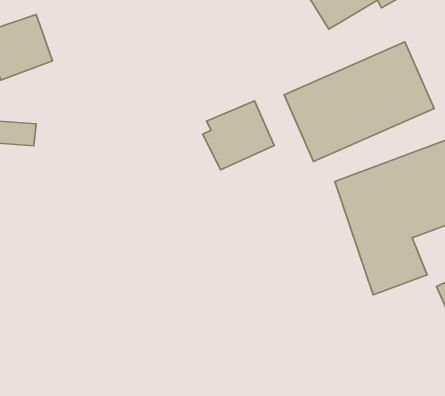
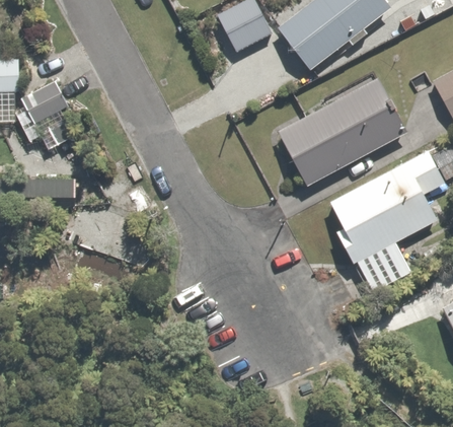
building: [203,101,274,170] -> none

